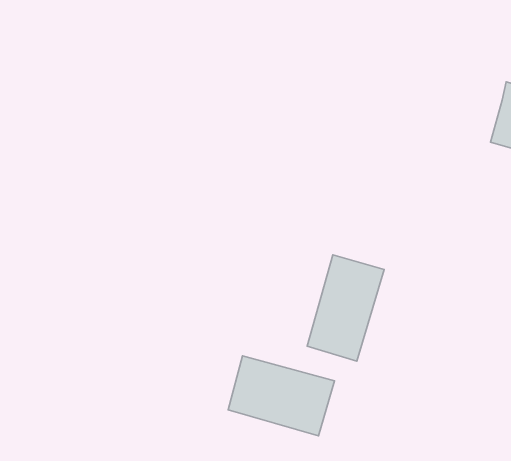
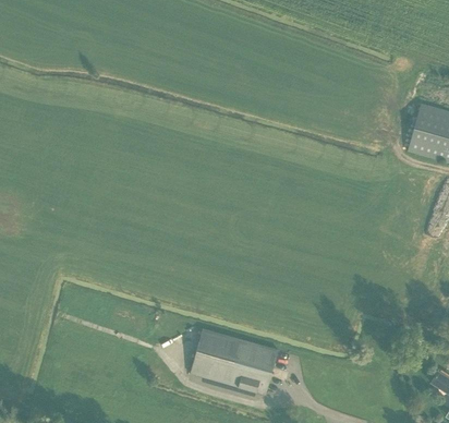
building: [307,255,384,361] -> none

